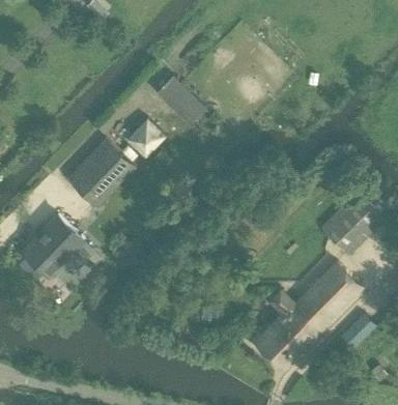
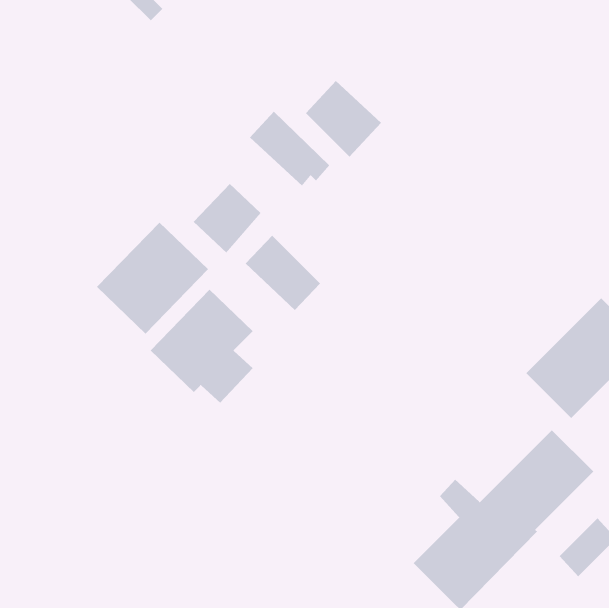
building: none -> [305,80,382,158]
building: none -> [245,235,321,311]
building: [22,215,83,283] -> [150,289,254,403]

